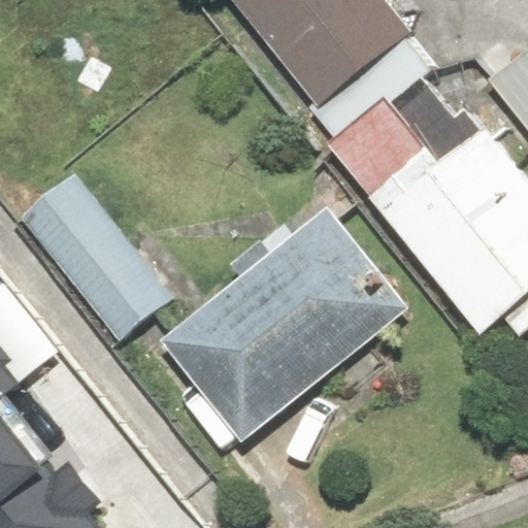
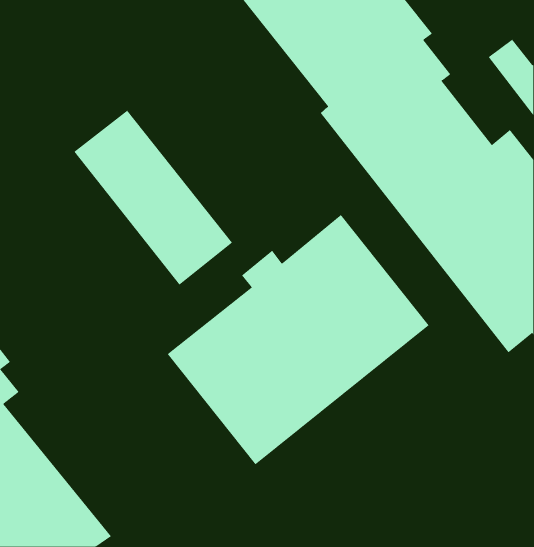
building: [15,174,168,342] -> [74,110,233,285]

